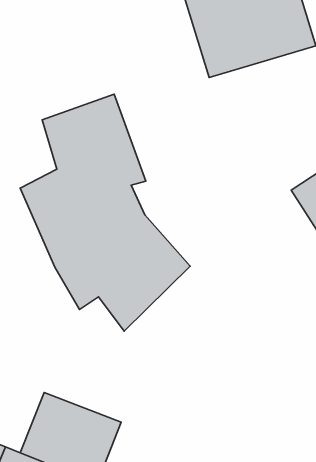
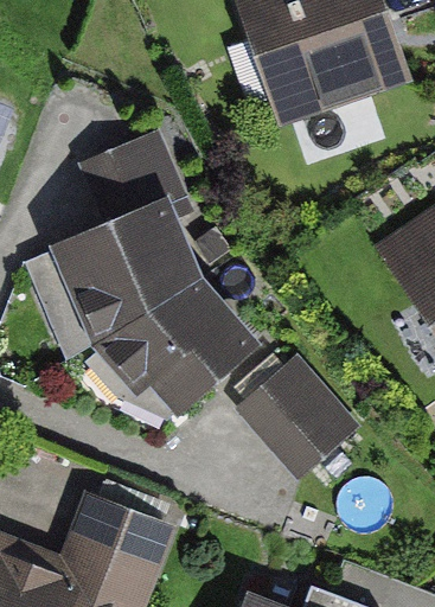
building: none -> [232,353,362,485]

